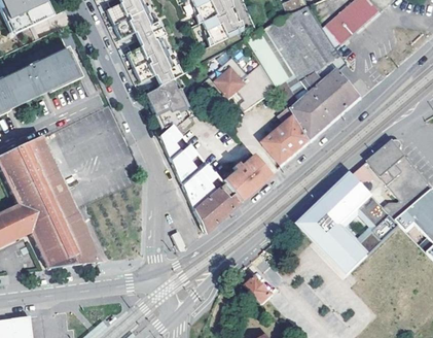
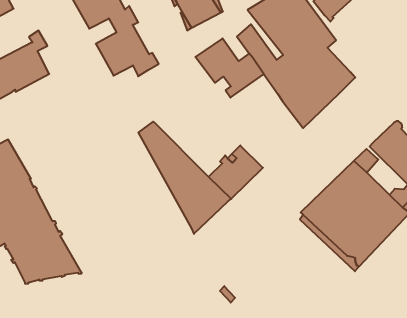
building: [144,79,188,130] -> none
building: [263,108,310,166] -> none
building: [244,277,274,307] -> none

